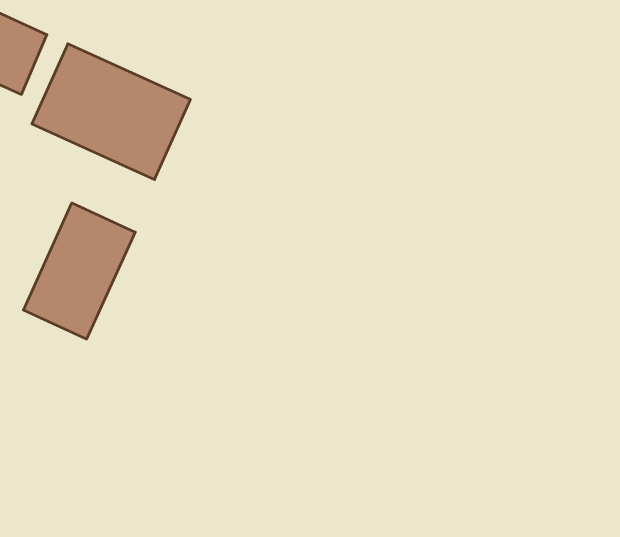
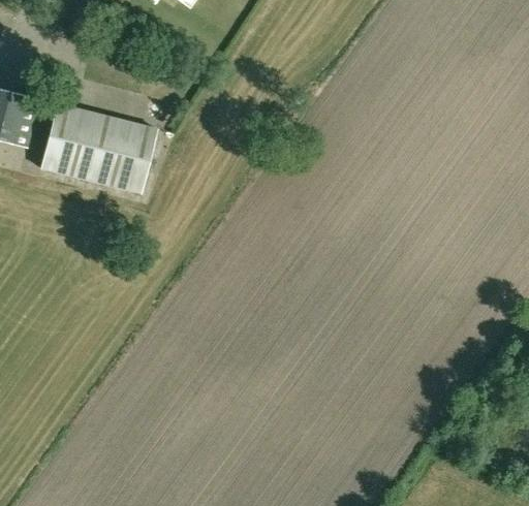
building: [23,203,135,339] -> none

